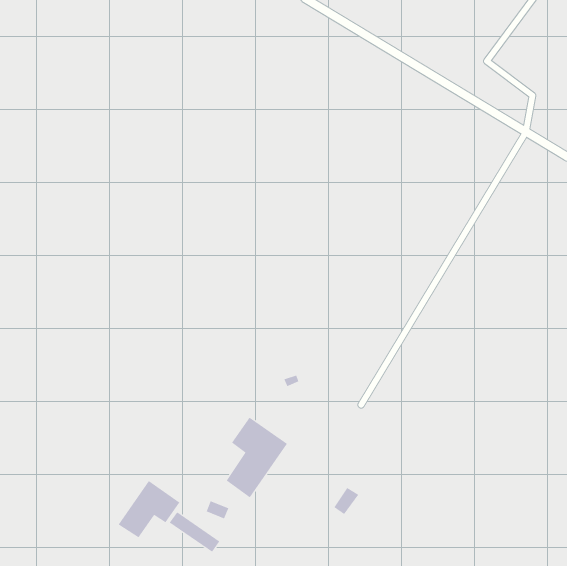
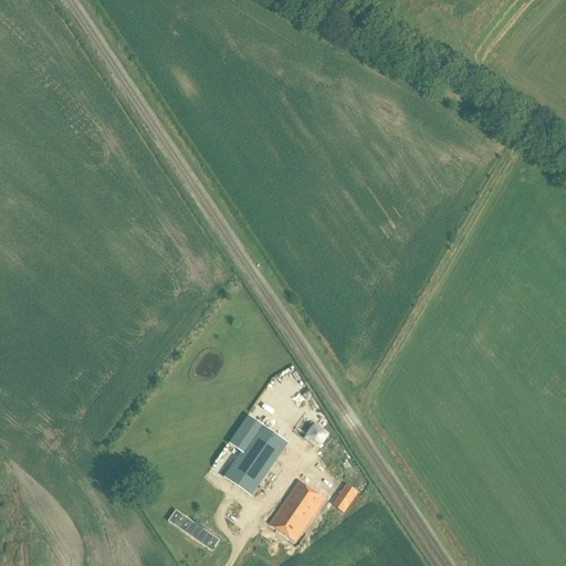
building: [118,480,180,538] -> none
building: none -> [269,481,324,542]

